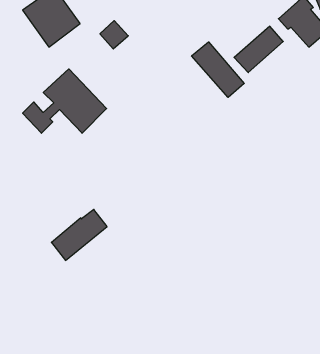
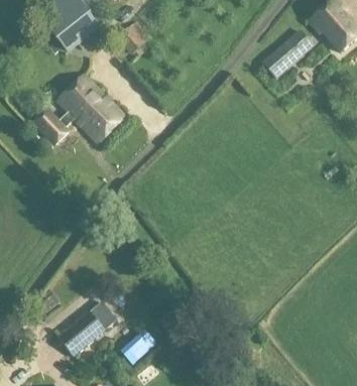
building: [192,42,244,97] -> none
building: [51,209,107,260] -> [56,301,116,356]

